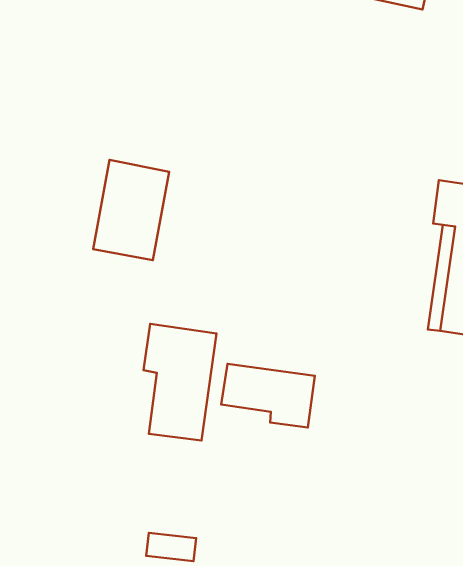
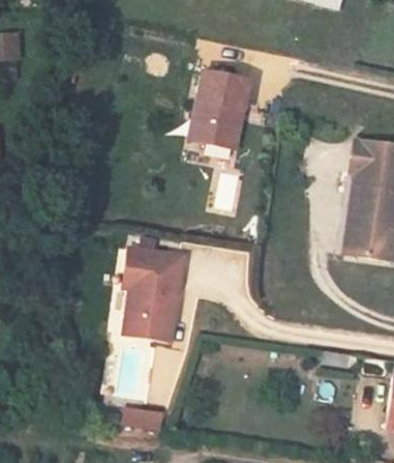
building: [93,160,169,260] -> [191,68,249,145]
building: [221,364,315,427] -> none

